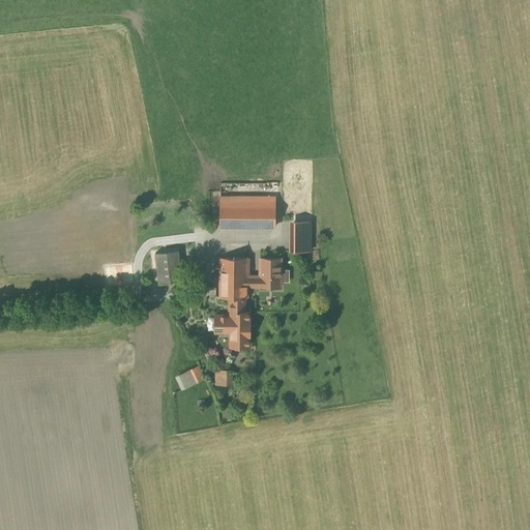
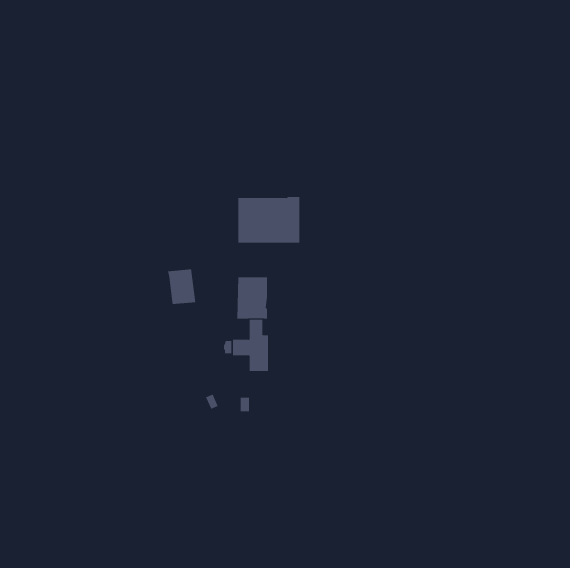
building: [289,224,310,253] -> none
building: [247,259,282,288] -> none

